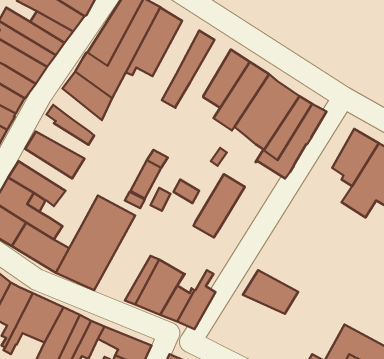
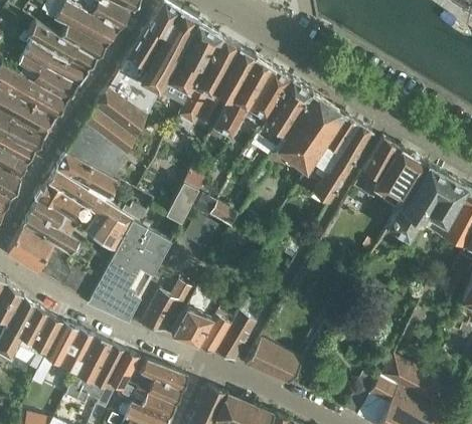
building: none -> [177,35,239,127]
building: none -> [210,55,272,143]
building: none -> [85,107,136,156]
building: none -> [66,134,122,178]
building: none -> [361,138,402,199]
building: none -> [48,170,132,250]
building: [193,174,245,238] -> none
building: none -> [141,279,187,330]
building: [243,270,298,314] -> [244,338,302,384]

